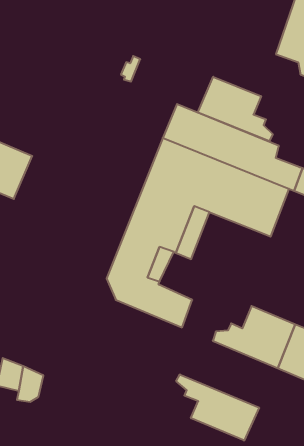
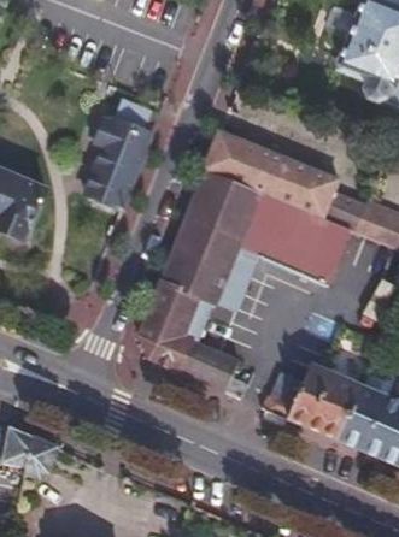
building: [198,77,273,141] -> none
building: none -> [87,98,149,205]
building: [176,374,259,441] -> none

